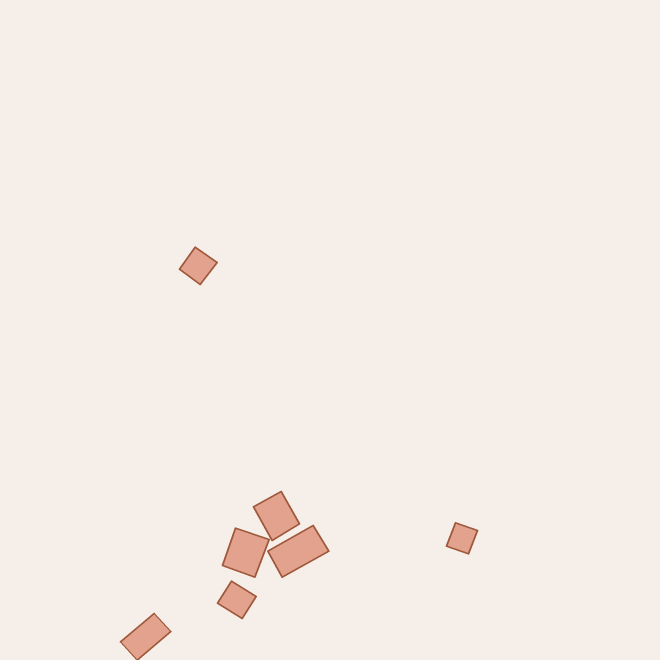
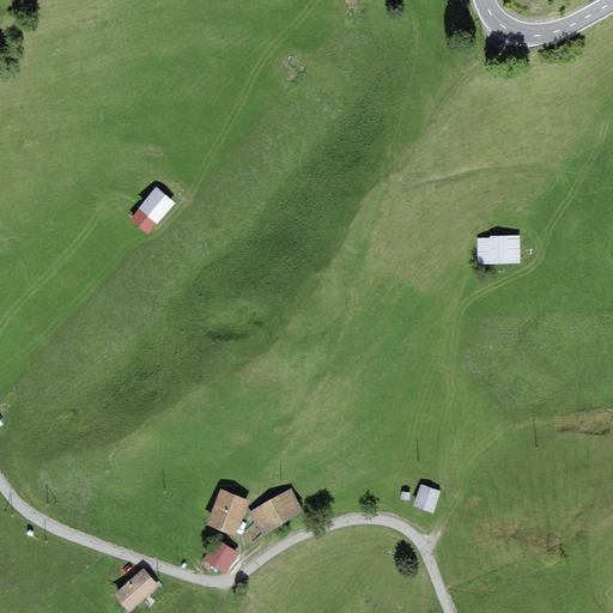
building: [179,247,217,285] -> [139,188,174,223]
building: none -> [475,238,516,265]
building: [253,491,300,541] -> none

